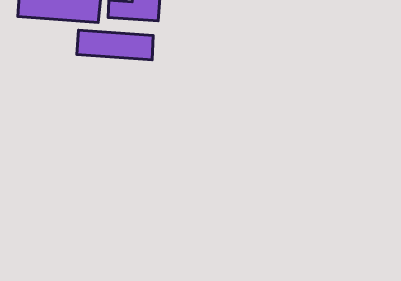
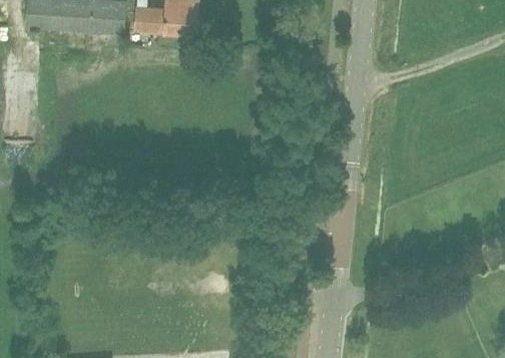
building: [77,30,153,60] -> none

